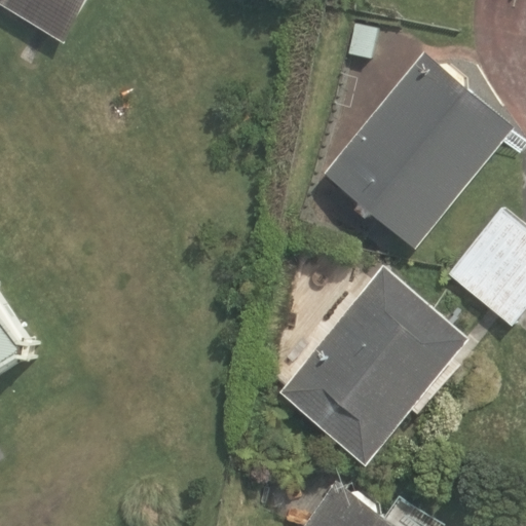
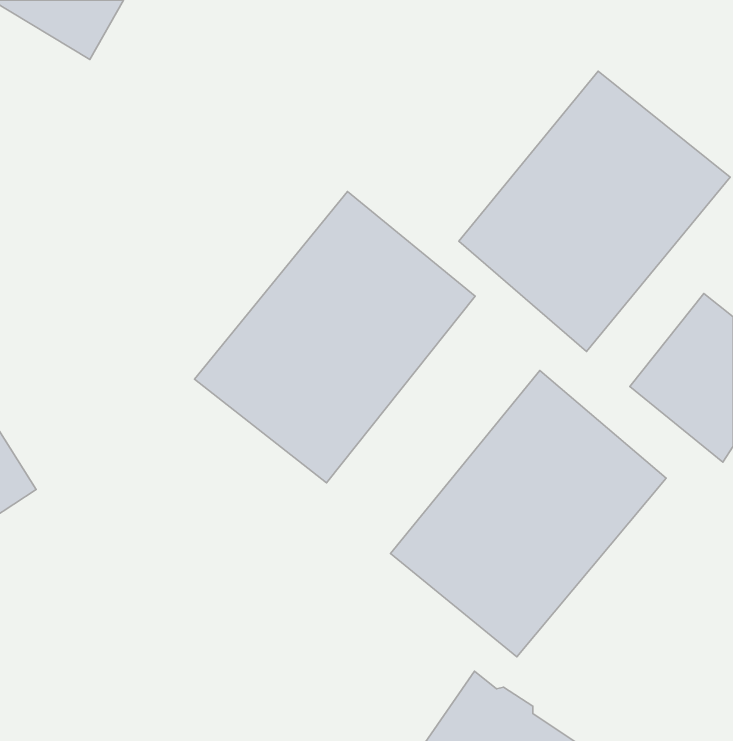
building: none -> [194,192,475,483]

